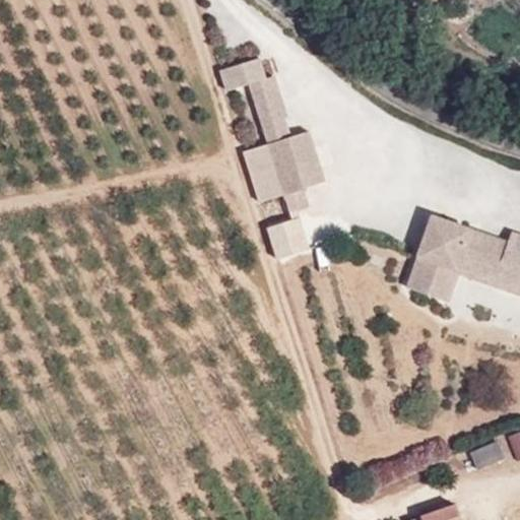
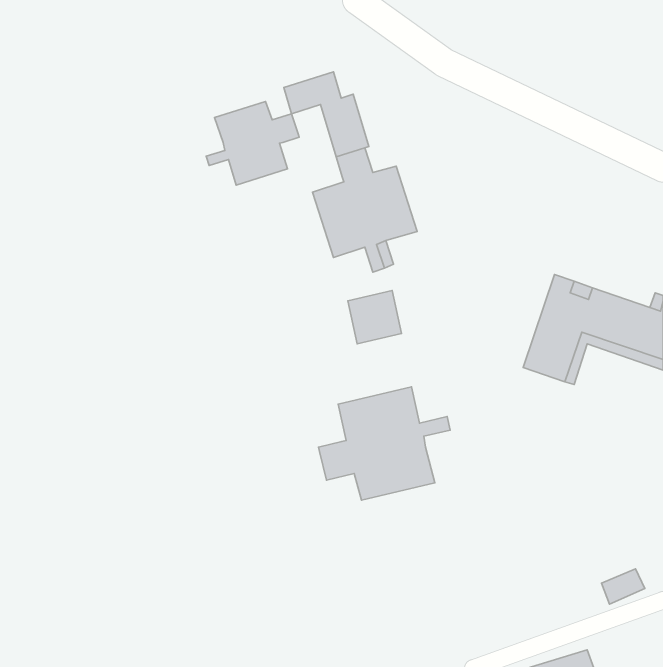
building: none -> [206,101,299,185]
building: none -> [319,387,450,500]

